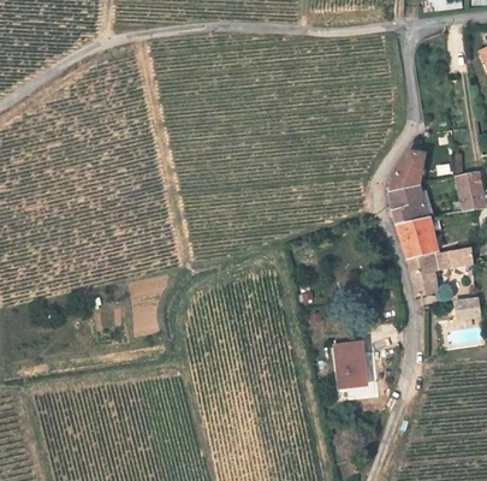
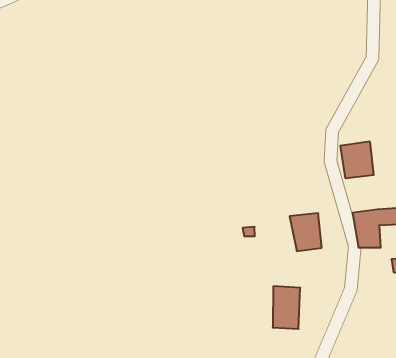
building: [387,143,424,192] -> none
building: [397,219,433,260] -> [290,213,322,251]

